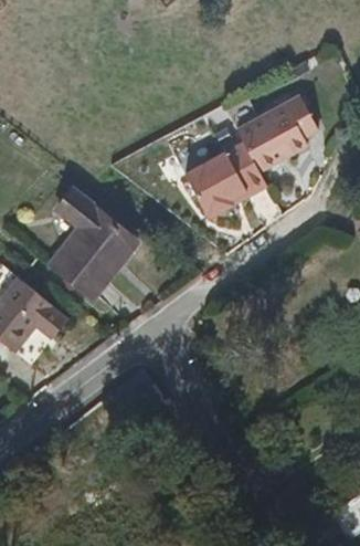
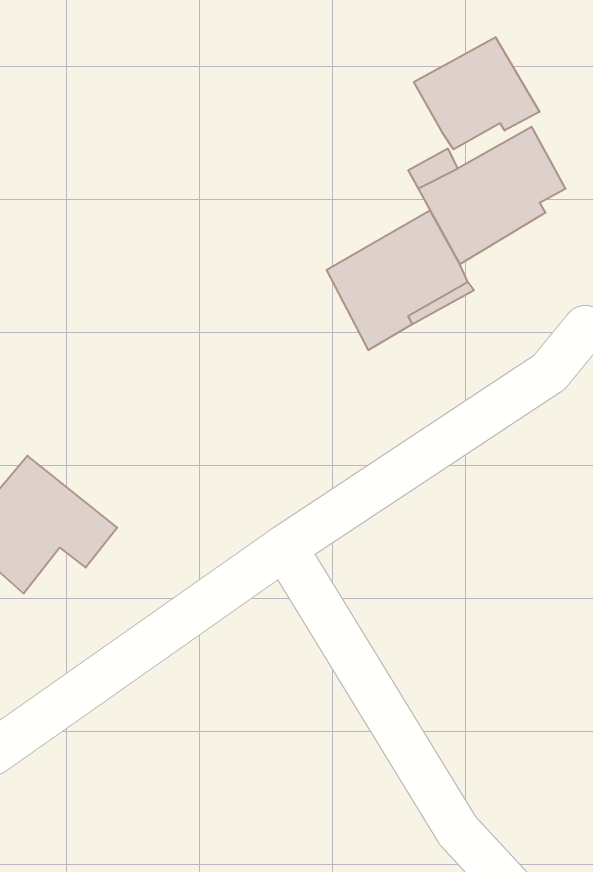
building: none -> [414,37,540,149]
building: [51,189,140,300] -> none

